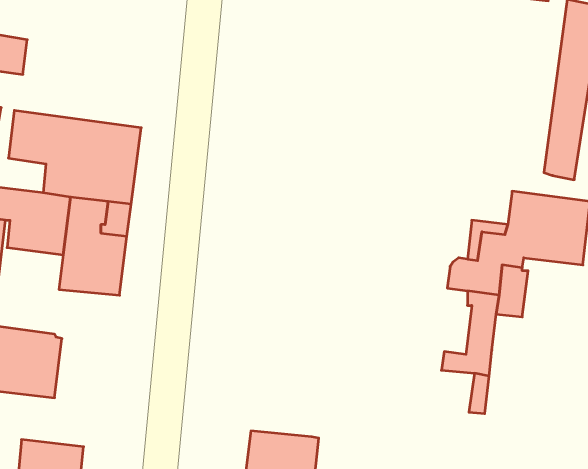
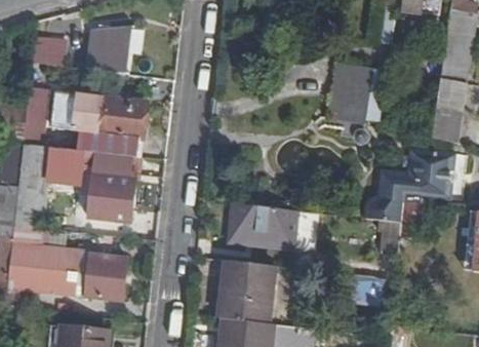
building: none -> [87,25,127,73]
building: none -> [324,62,375,140]
building: none -> [229,203,296,248]
building: none -> [85,254,127,300]
building: none -> [217,260,274,323]

